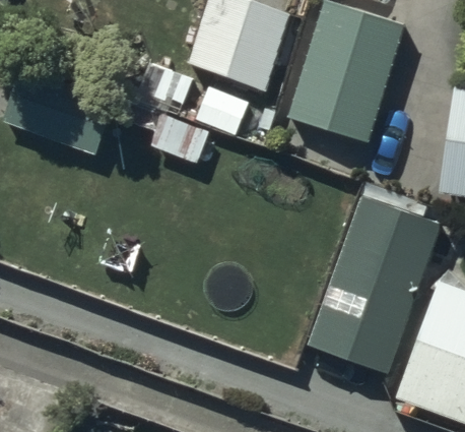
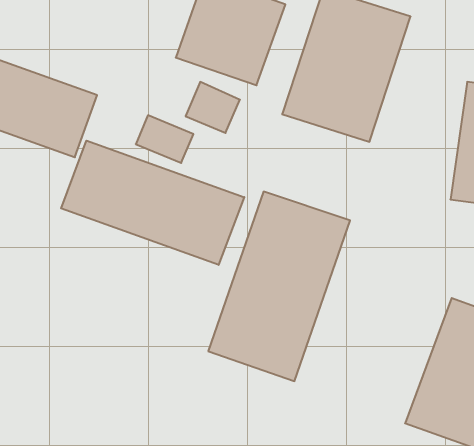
building: none -> [61,141,244,265]
building: [310,200,440,374] -> [208,192,350,381]

